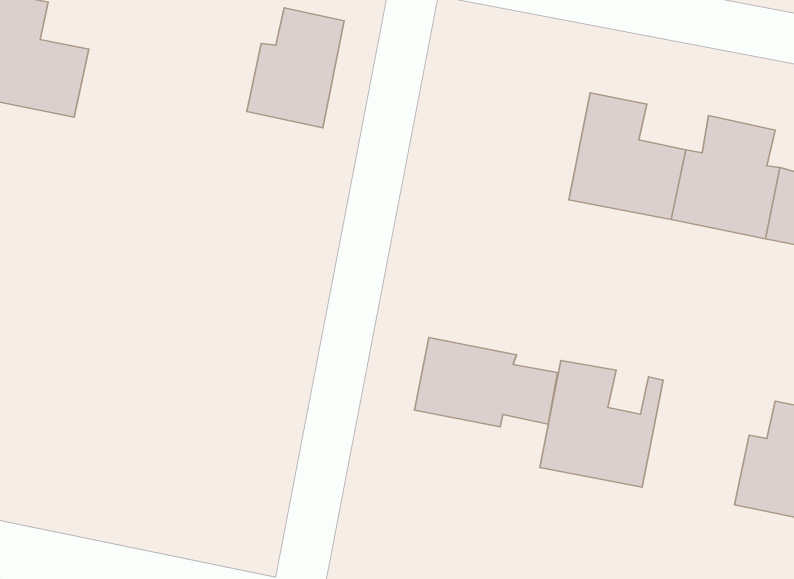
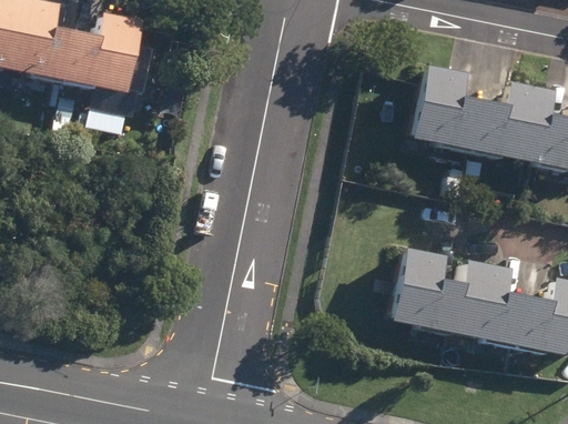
building: [247,8,344,128] -> [71,11,138,93]
building: [414,337,558,427] -> none
building: none -> [459,262,532,347]

